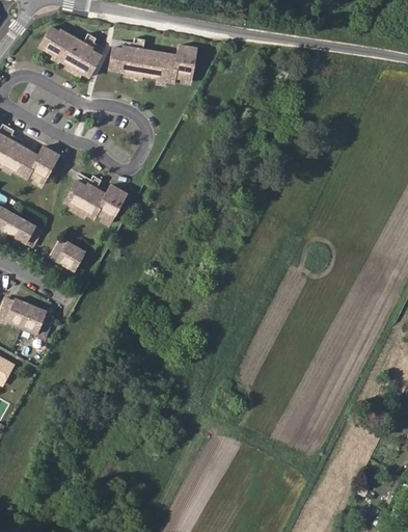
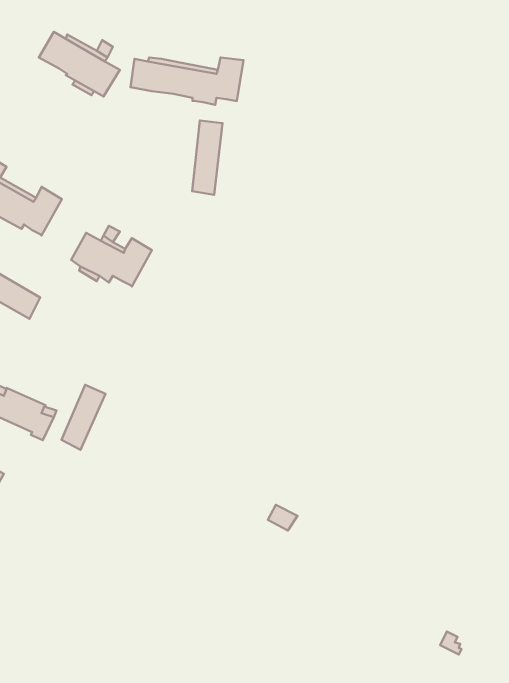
building: none -> [192,120,222,195]
building: [51,241,85,269] -> none
building: none -> [61,385,105,450]

